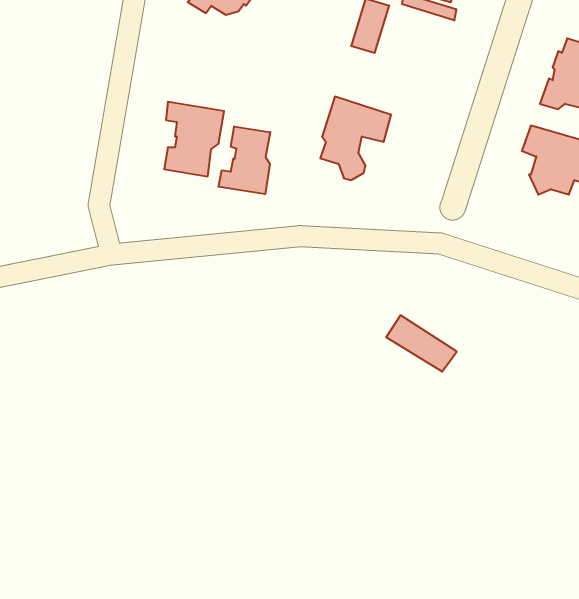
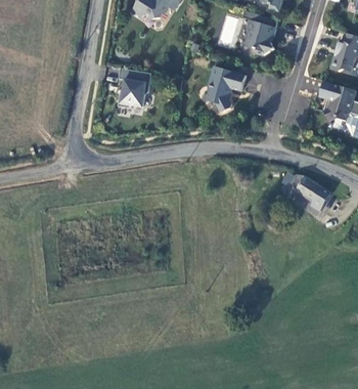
building: none -> [244,19,276,55]
building: [218,126,270,194] -> none
building: [386,315,457,372] -> [290,175,330,207]

